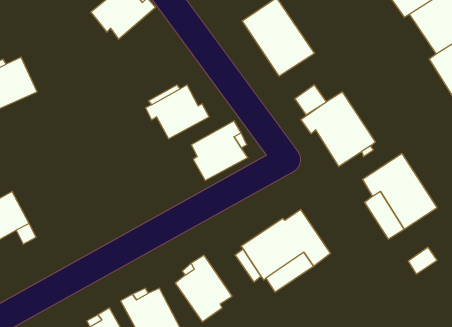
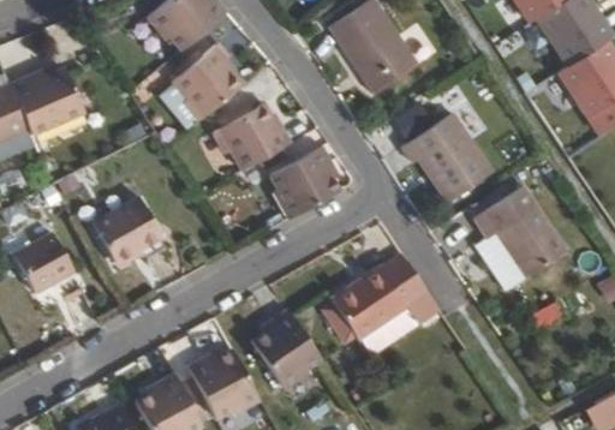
building: none -> [174,46,243,121]
building: none -> [91,197,160,261]

